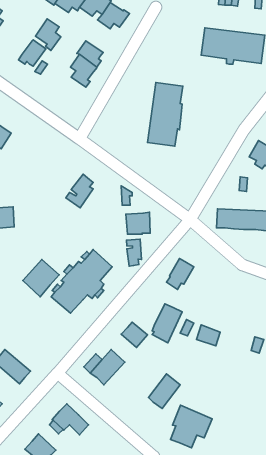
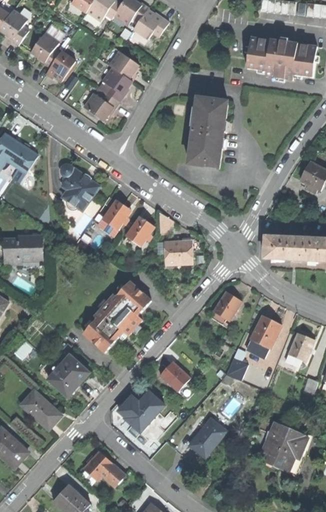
building: [35,19,61,51] -> [33,31,61,66]
building: none -> [84,91,120,121]
building: none -> [62,163,100,210]
building: none -> [127,215,152,246]
building: [126,239,141,266] -> none
building: [23,259,59,297] -> [49,353,89,394]
building: none -> [287,332,312,359]
building: [152,304,182,343] -> [247,314,280,357]
building: [171,405,212,448] -> [260,421,306,468]

